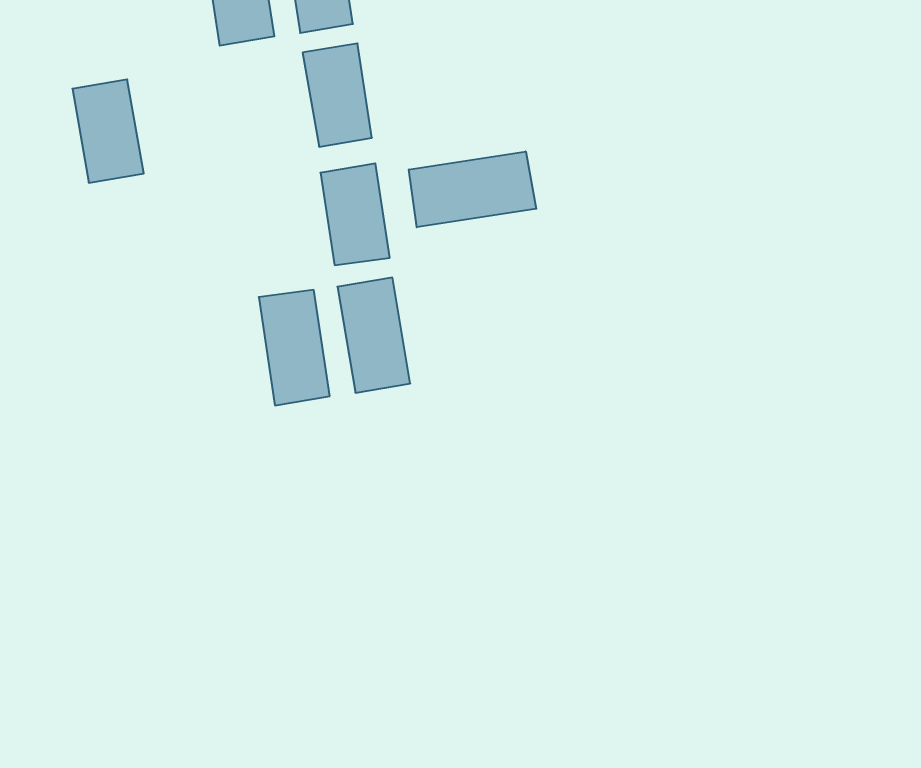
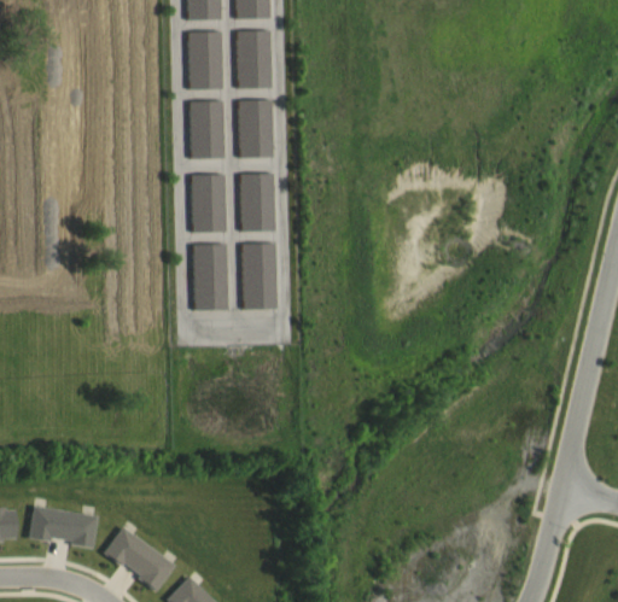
building: [72,79,144,183] -> [190,98,226,157]
building: [409,151,536,227] -> none
building: none -> [192,171,227,229]

